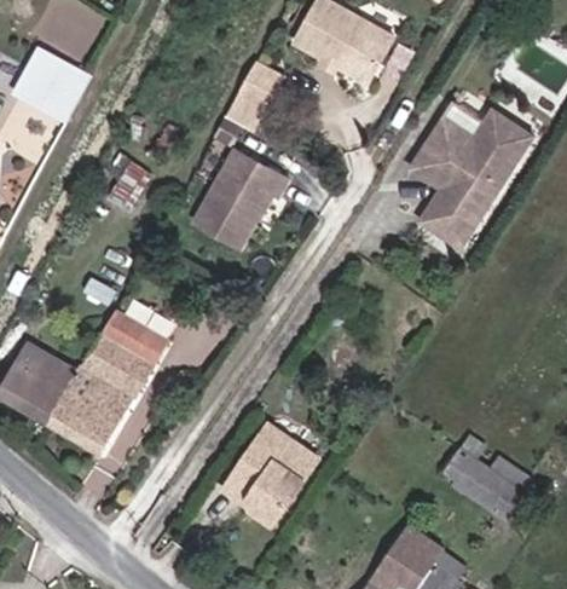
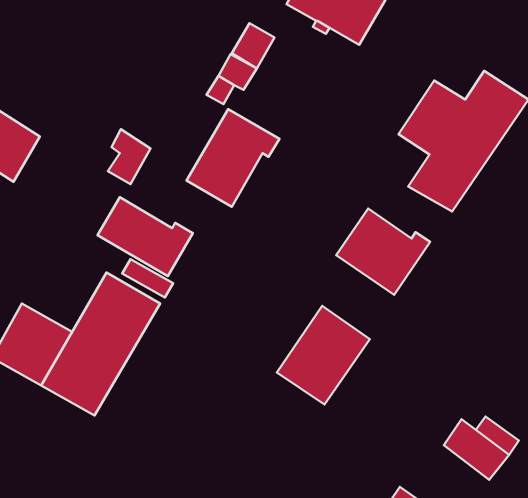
building: [17,53,91,119] -> none
building: none -> [97,197,193,276]
building: none -> [336,209,430,295]
building: [224,426,318,526] -> [277,306,370,405]

